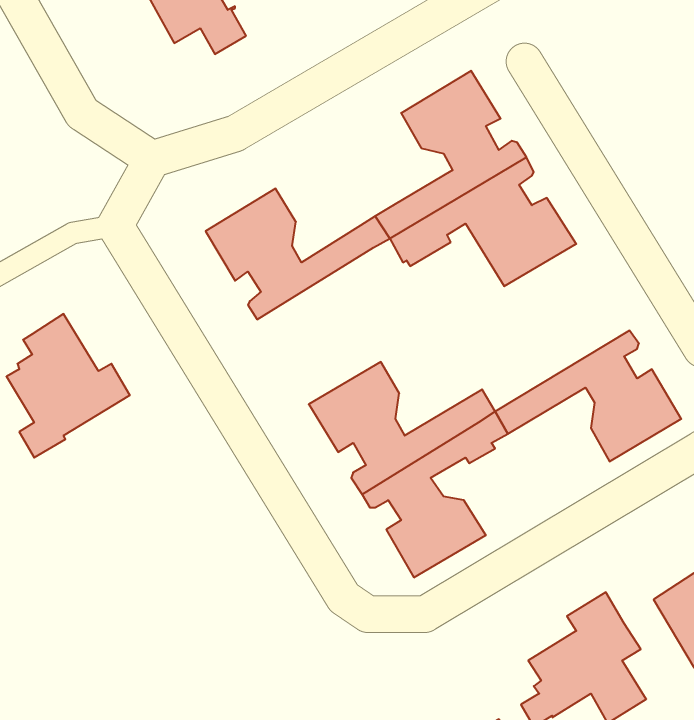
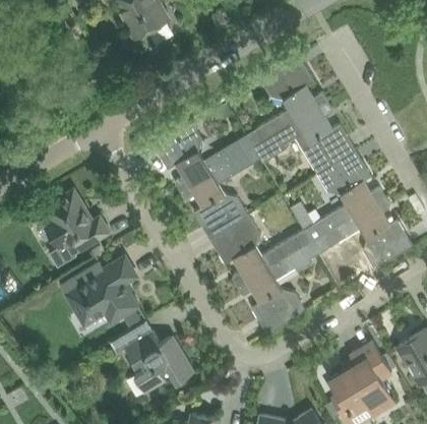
building: none -> [180,147,260,239]
building: none -> [290,150,385,243]
building: none -> [61,258,138,325]
building: none -> [125,331,194,393]

